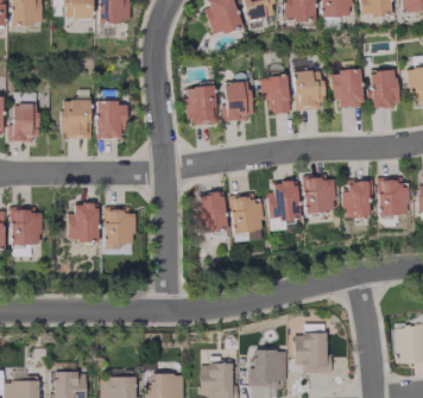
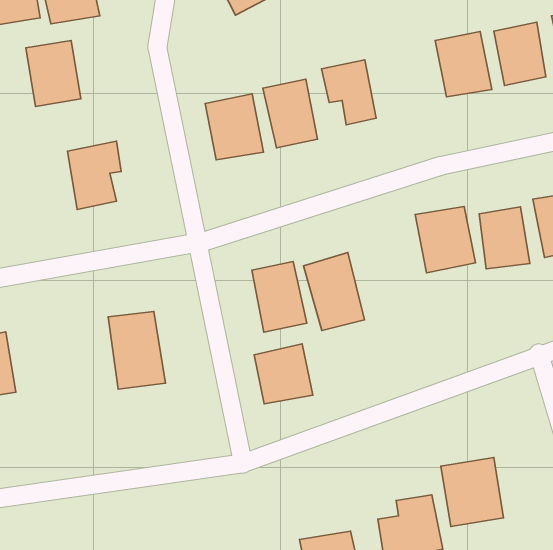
building: [293,70,323,109] -> none
building: [62,100,90,137] -> [26,40,81,106]
building: [267,181,298,221] -> none
building: [67,203,97,241] -> none
building: none -> [254,344,313,404]

